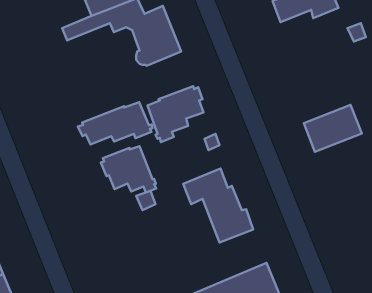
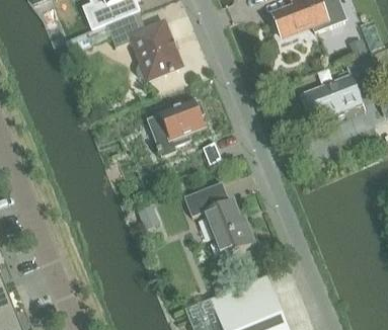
building: [78,102,152,144] -> none
building: [304,105,362,152] -> [304,74,362,120]
building: [101,146,156,192] -> none

